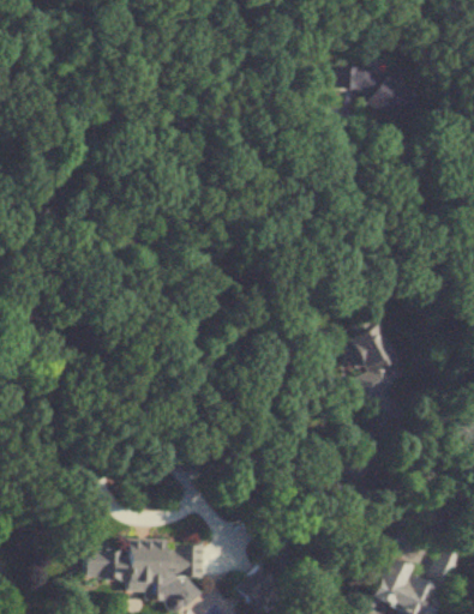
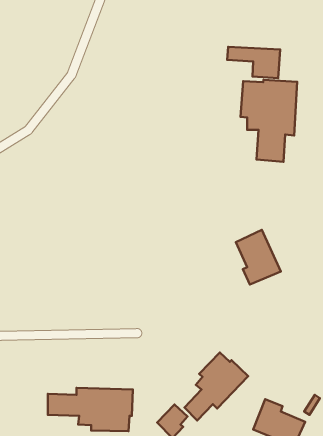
building: none -> [241,80,297,162]
building: none -> [184,352,248,421]

